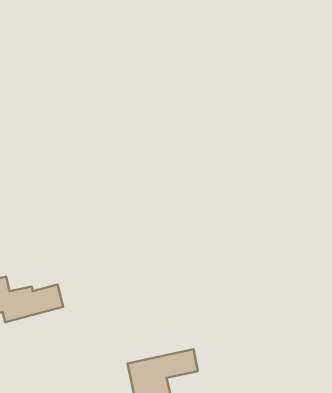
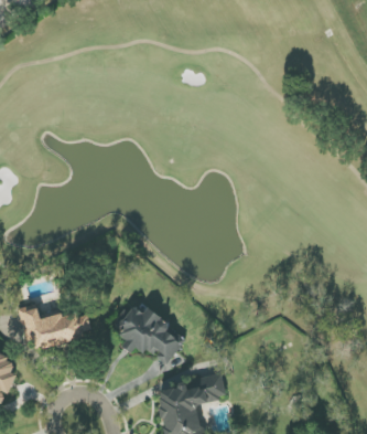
building: none -> [120,307,186,364]

